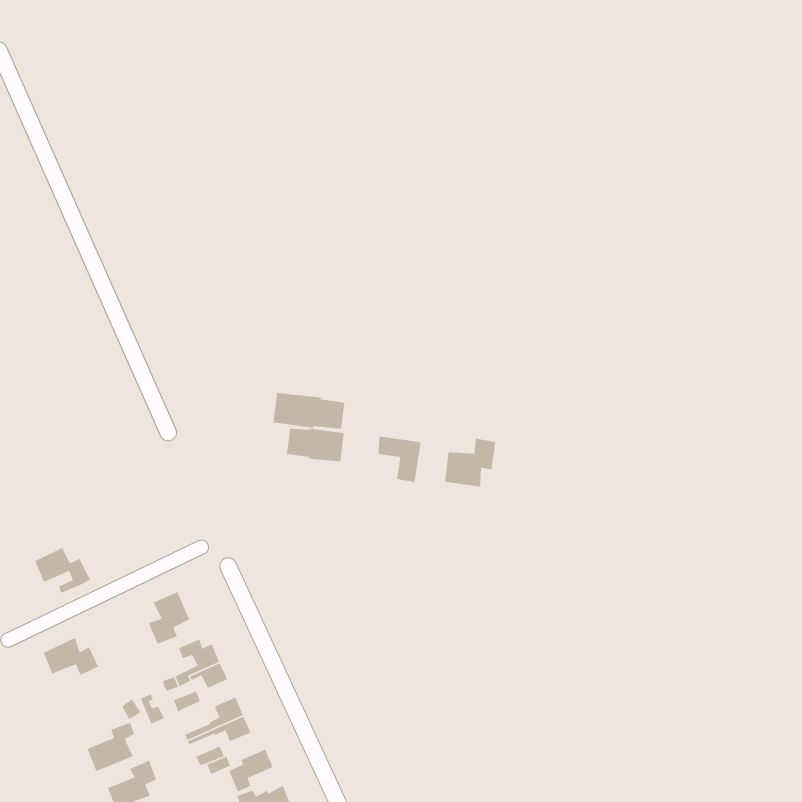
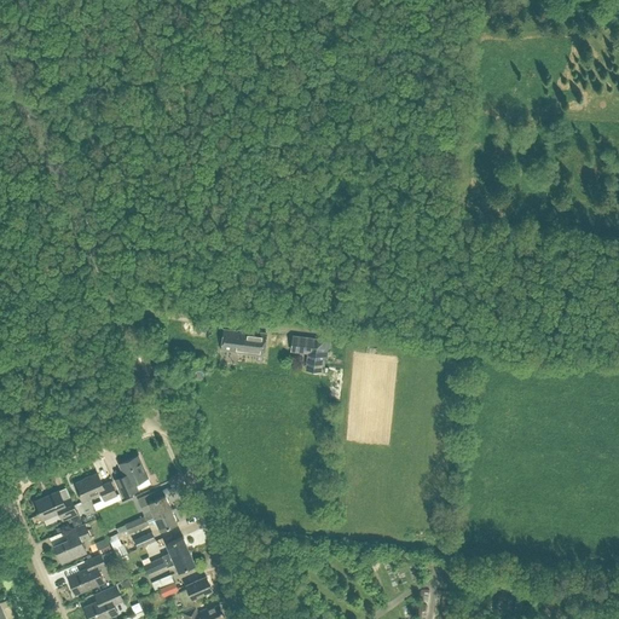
building: [272,392,345,430] -> none
building: [444,438,496,487] -> none
building: [34,547,91,594] -> [74,474,117,510]
building: none -> [53,525,89,563]

